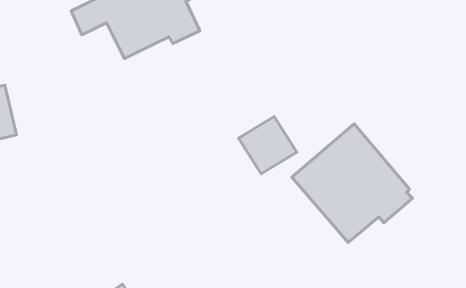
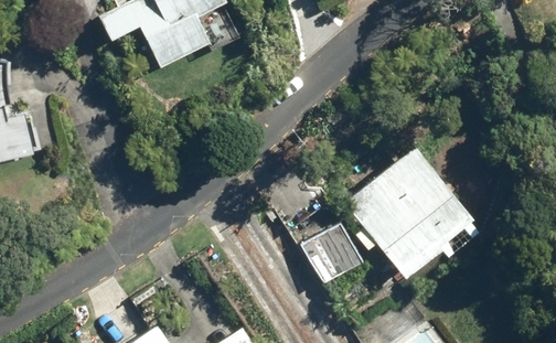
building: [238,116,297,174] -> [296,219,361,283]

